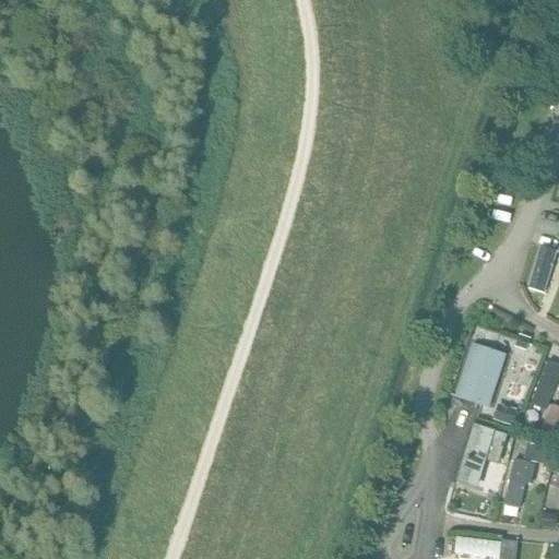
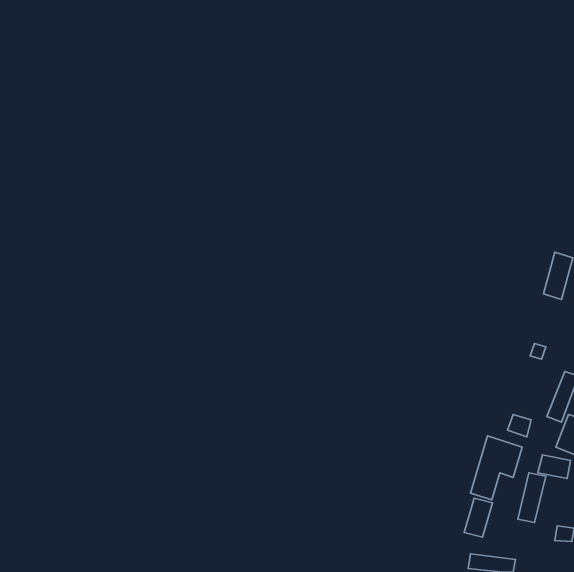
building: [455,344,506,406] -> none
building: none -> [464,498,493,537]

